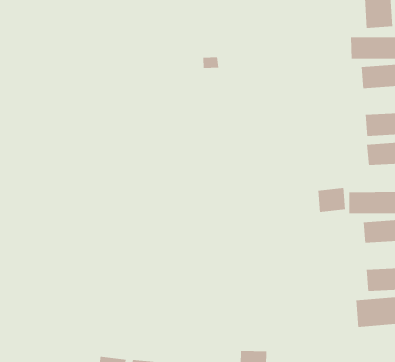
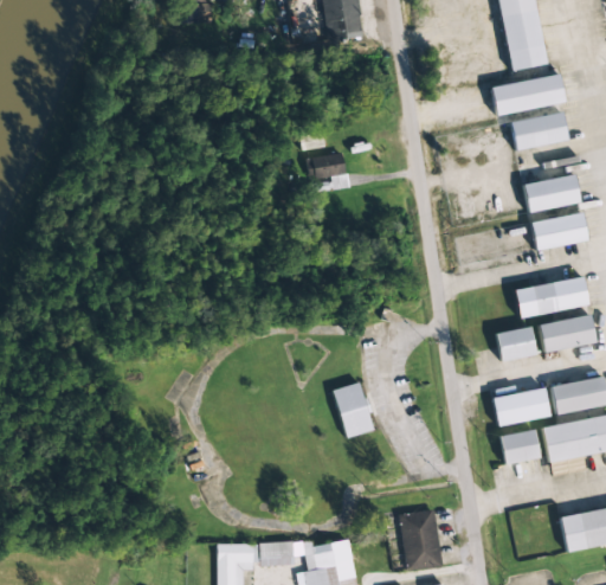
building: none -> [308,153,349,189]
building: [318,188,346,213] -> [496,326,536,362]
building: none -> [333,382,374,438]
building: none -> [492,387,550,426]
building: none -> [499,429,540,464]

